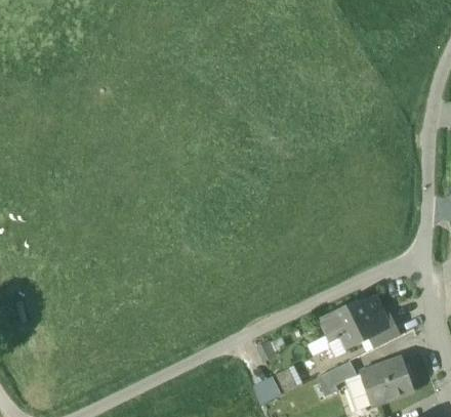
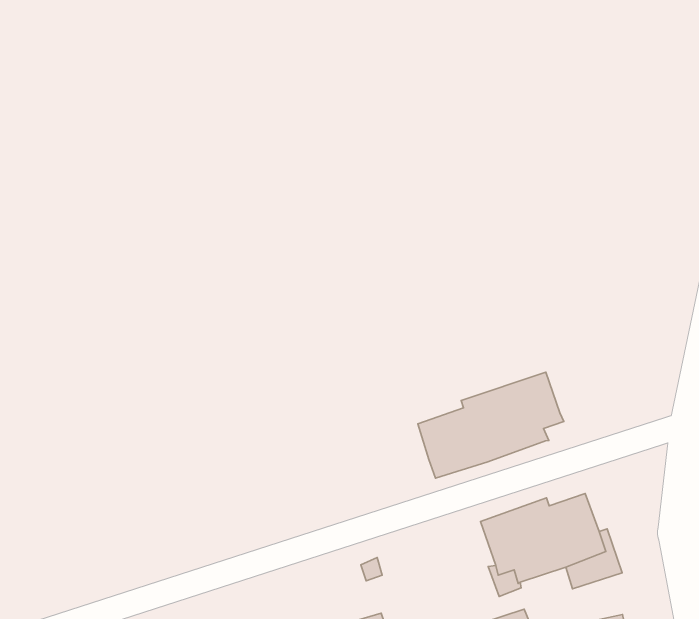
building: none -> [418,372,564,478]

